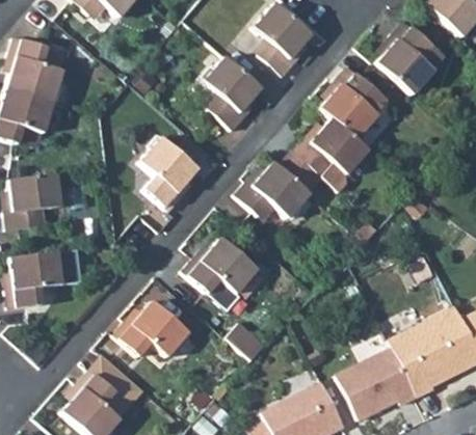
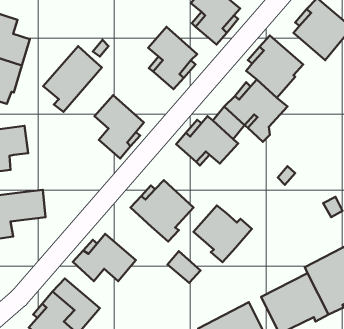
building: none -> [43,46,102,112]
building: none -> [194,205,252,262]

